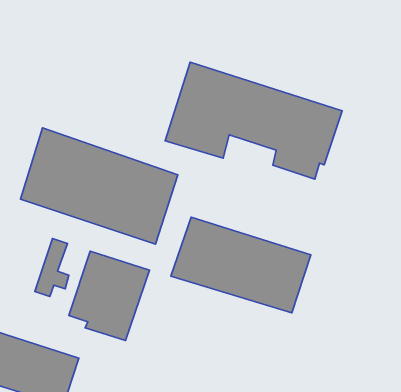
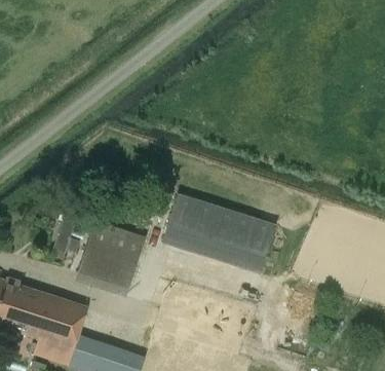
building: [165,62,342,179] -> none
building: [21,128,178,244] -> none

